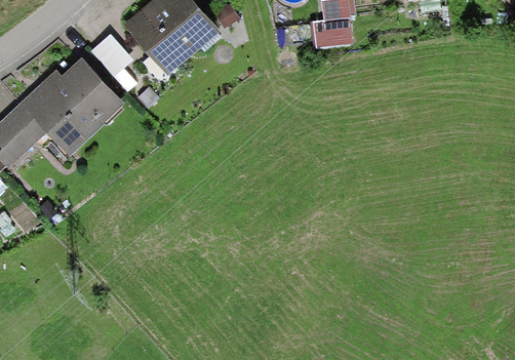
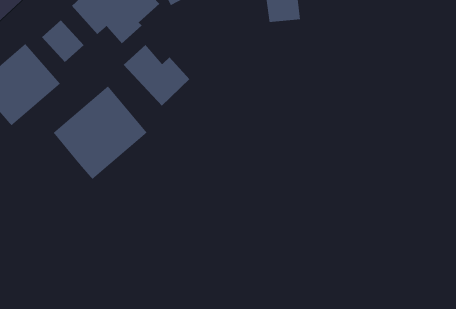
building: none -> [123,44,190,106]
building: none -> [53,86,147,180]

